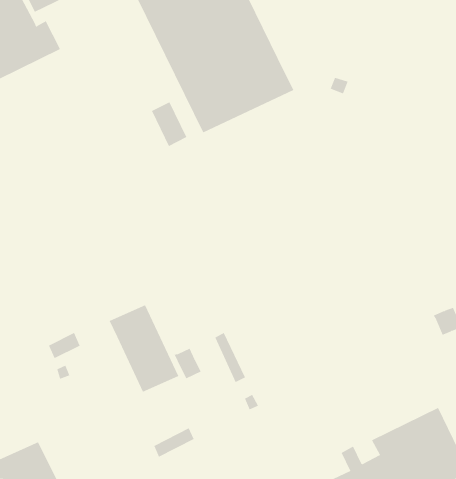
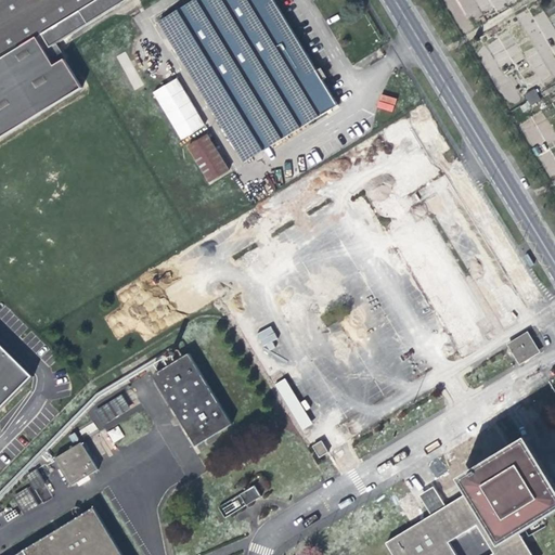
building: none -> [151,77,202,138]
building: [174,348,201,379] -> none
building: none -> [56,443,99,487]

